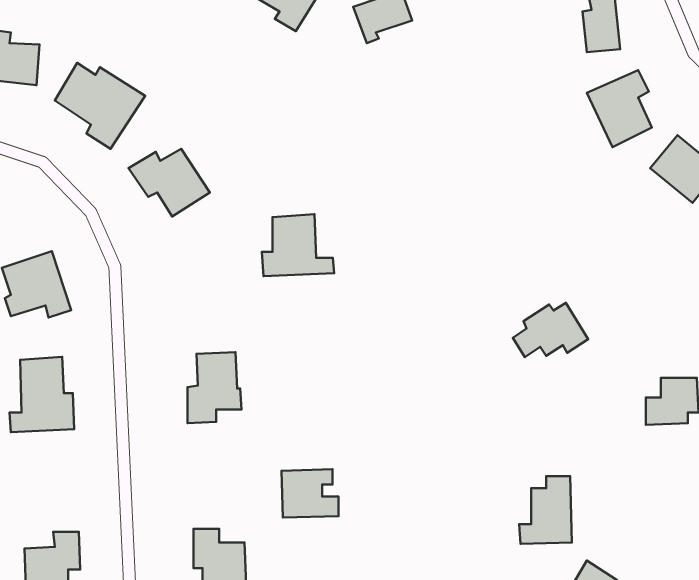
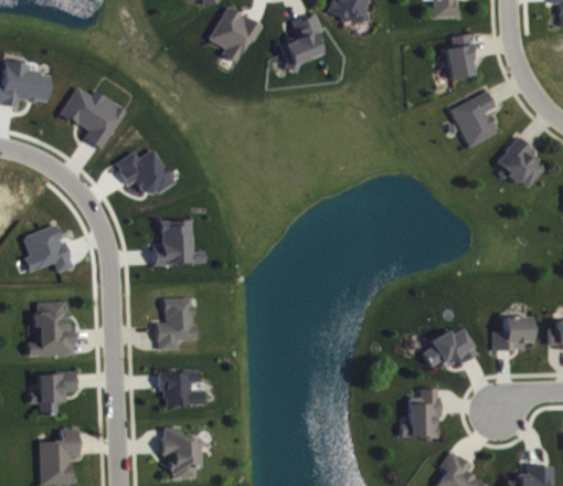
building: [262,214,334,276] -> [153,220,206,265]
building: [513,303,588,357] -> [422,328,477,368]
building: none -> [30,373,76,416]
building: [281,469,339,518] -> [162,371,204,406]

